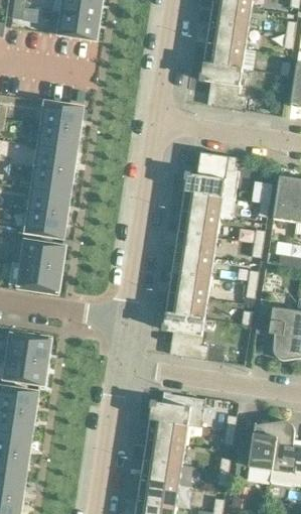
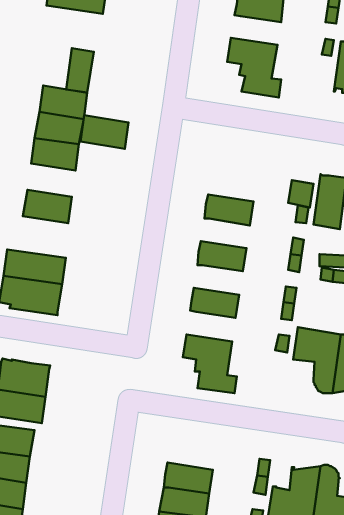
building: [203,41,246,67] -> none
building: none -> [66,48,94,93]
building: [184,152,239,199] -> none
building: [32,166,72,195] -> [81,115,128,149]
building: [25,211,66,238] -> none
building: [178,213,219,238] -> none
building: [172,252,213,277] -> none
building: [166,290,207,316] -> none
building: [150,393,204,427] -> none

